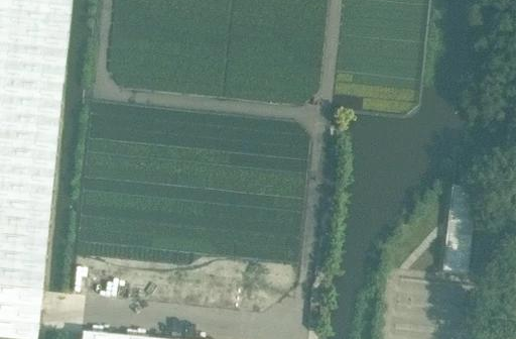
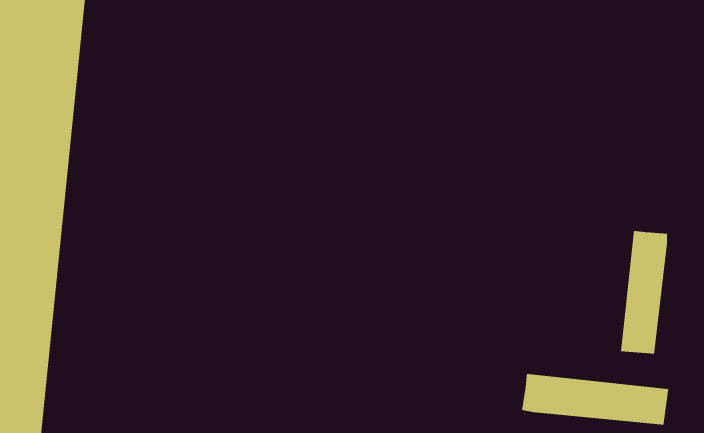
building: none -> [522,373,669,426]

